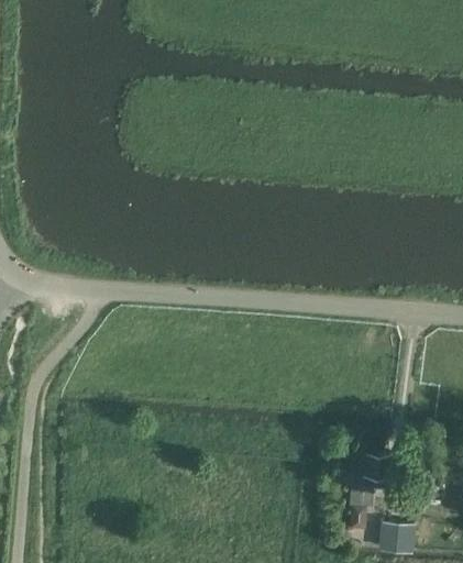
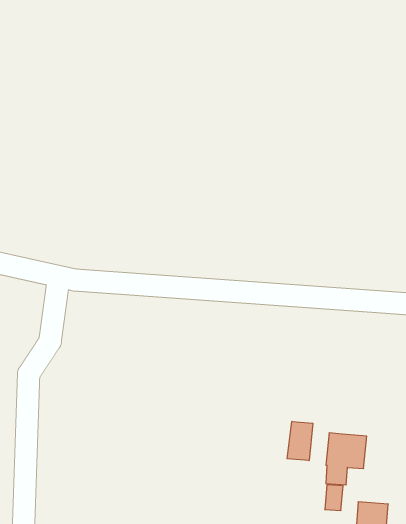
building: none -> [287,421,313,461]

